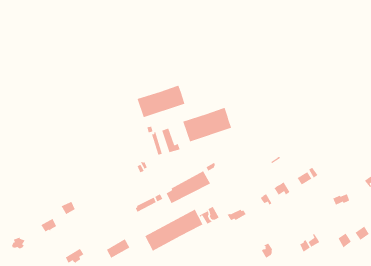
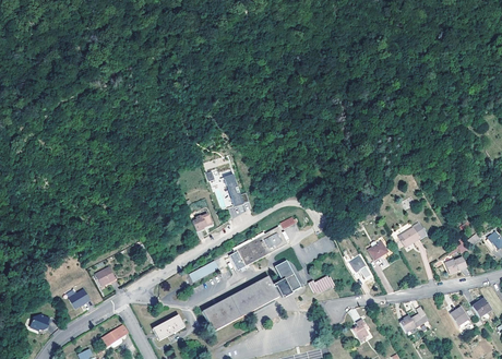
building: [137,84,186,118] -> none
building: [182,107,232,143] -> none

